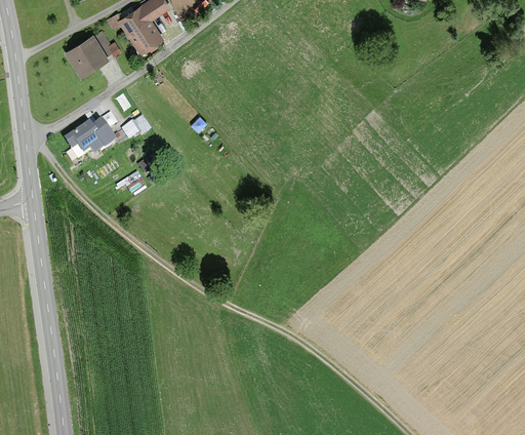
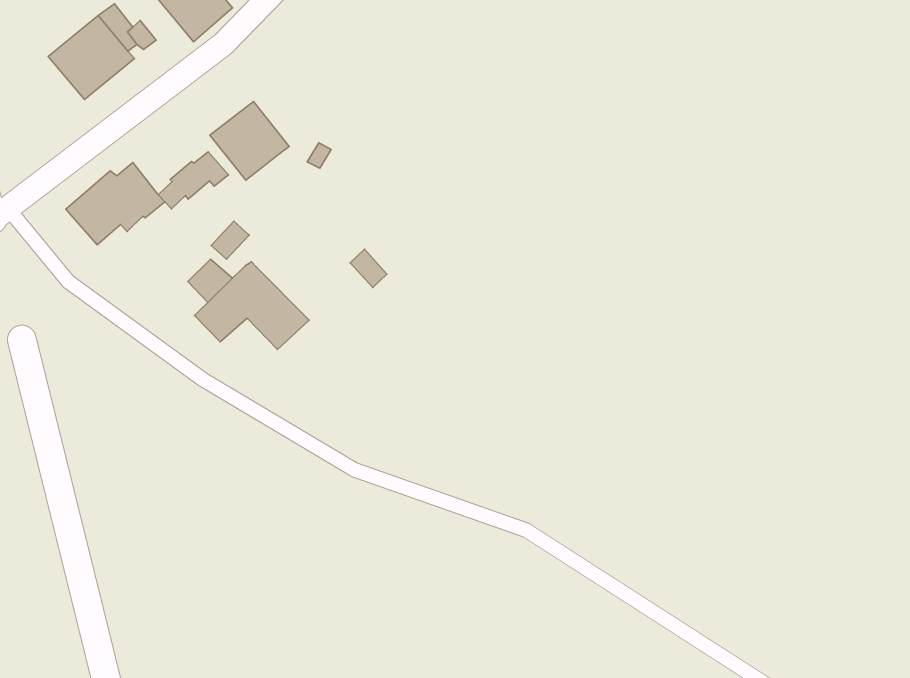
building: none -> [210,102,289,180]
building: none -> [195,262,309,349]

